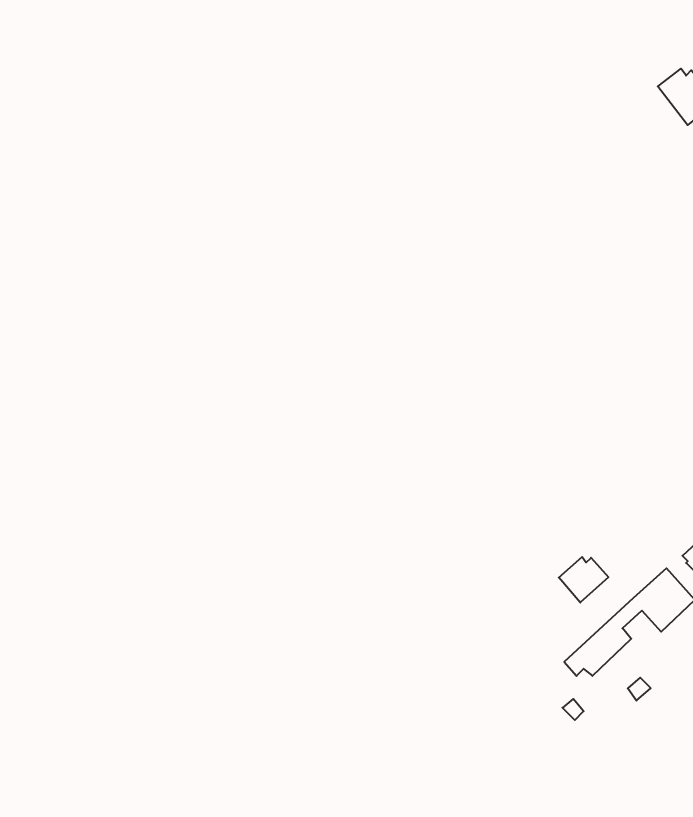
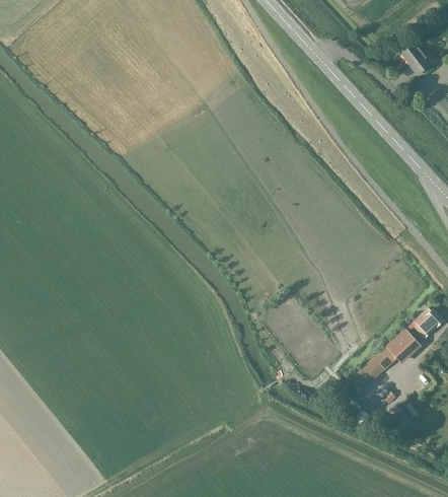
building: [559,557,608,603] -> none

